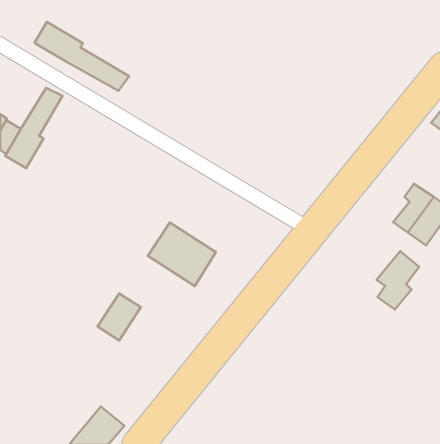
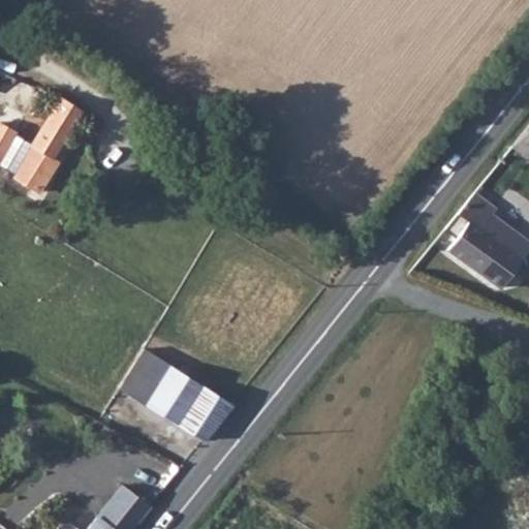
building: [35,22,129,91] -> none
building: [148,223,216,286] -> [147,366,227,441]
building: [377,251,419,309] -> [450,195,501,264]

